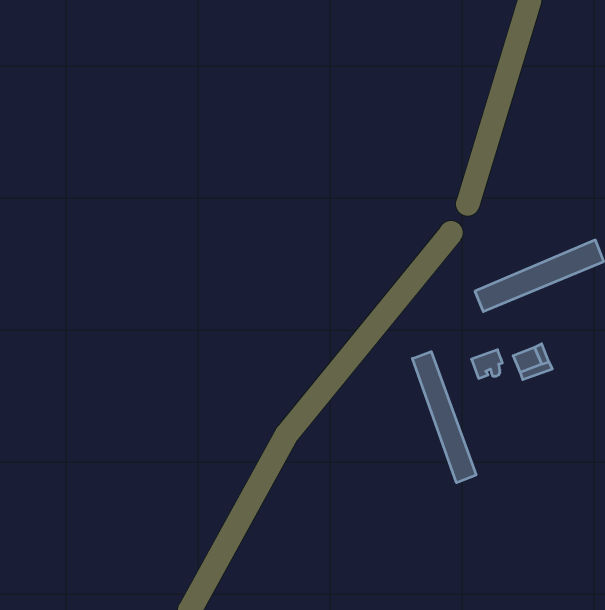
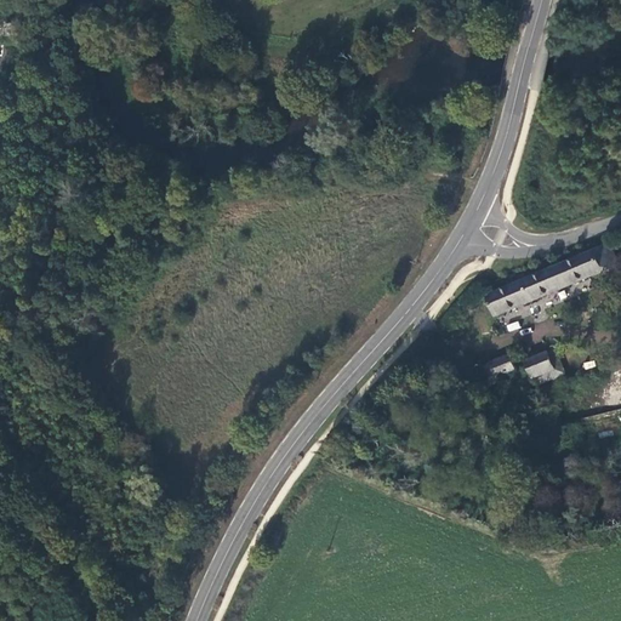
building: [412,352,476,483] -> none

